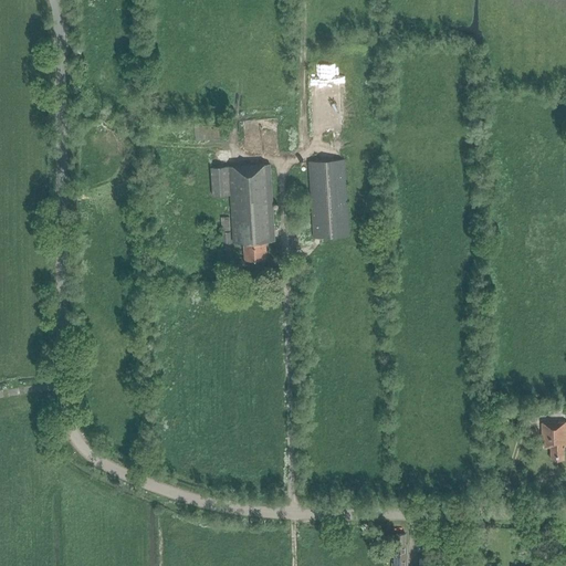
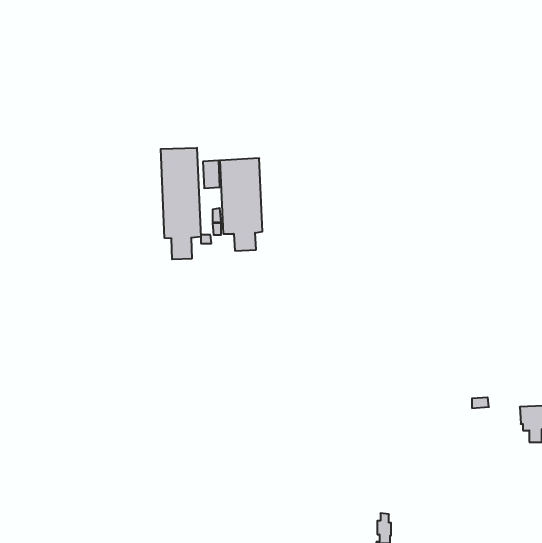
building: none -> [161,148,201,259]
building: [308,159,350,239] -> none

